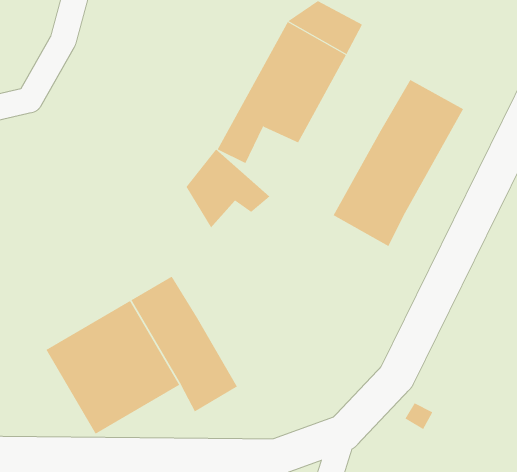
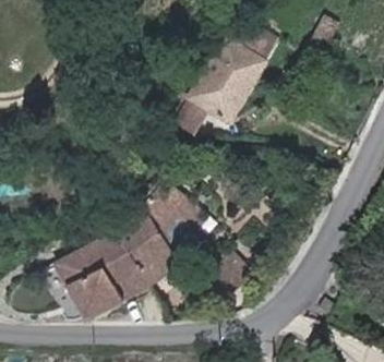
building: [333,79,464,247] -> none
building: [185,148,270,229] -> [145,185,203,240]

